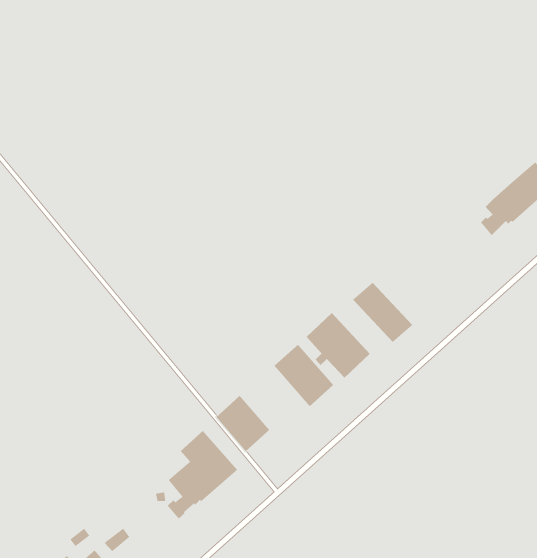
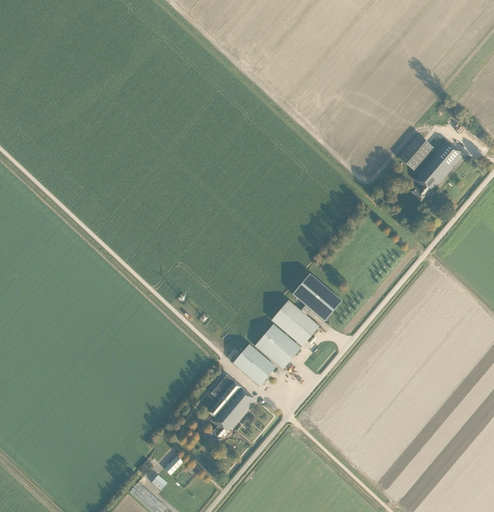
building: none -> [397,134,432,170]
building: [352,282,413,343] -> none
building: none -> [254,324,299,368]

